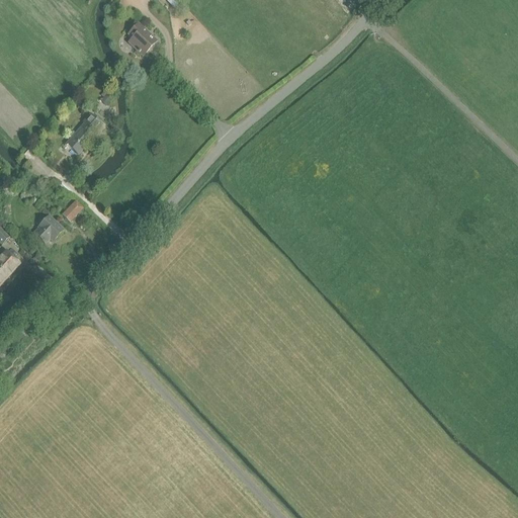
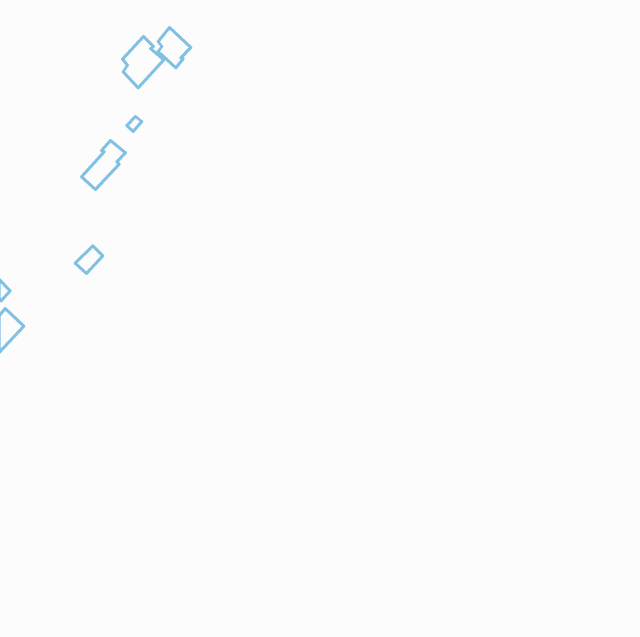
building: none -> [122,36,164,88]
building: [32,214,63,243] -> none

